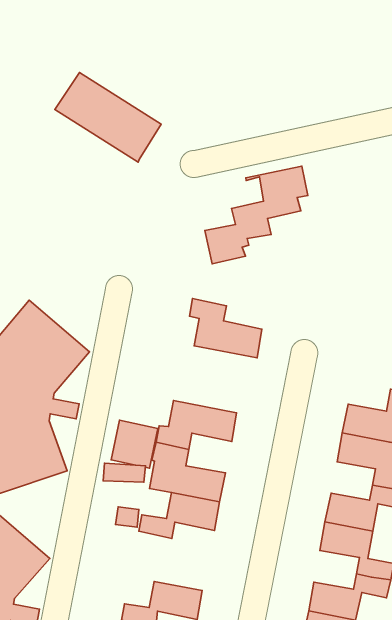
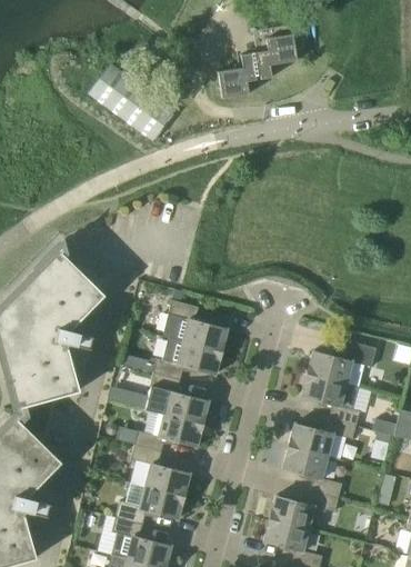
building: [205,166,308,264] -> [217,23,303,99]
building: [189,299,262,358] -> [168,300,227,352]
building: none -> [131,445,190,497]

